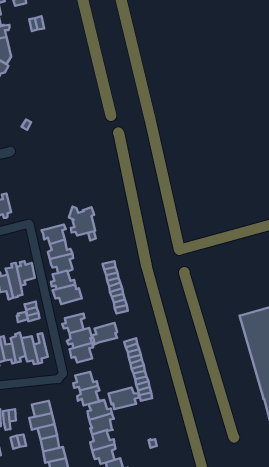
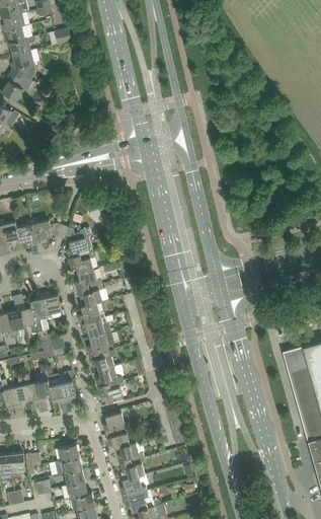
building: none -> [30,218,62,242]
building: [69,206,95,235] -> [64,226,92,257]
building: [92,323,117,344] -> [86,332,113,356]
building: [108,388,139,409] -> none

